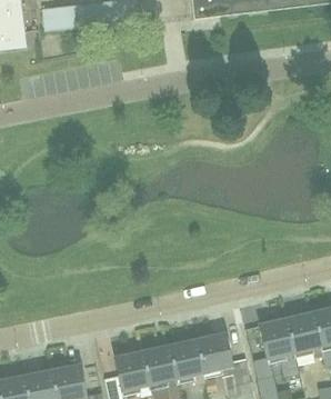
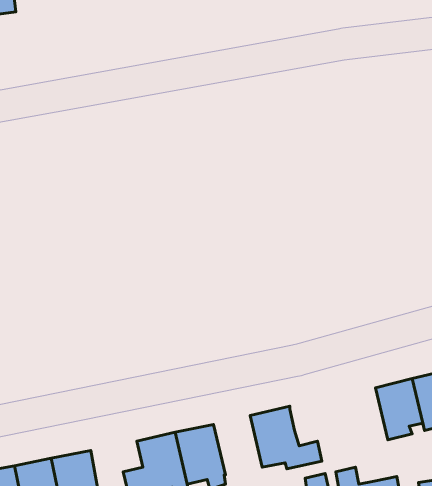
building: [259,319,295,363] -> none
building: [169,339,204,382] -> none

